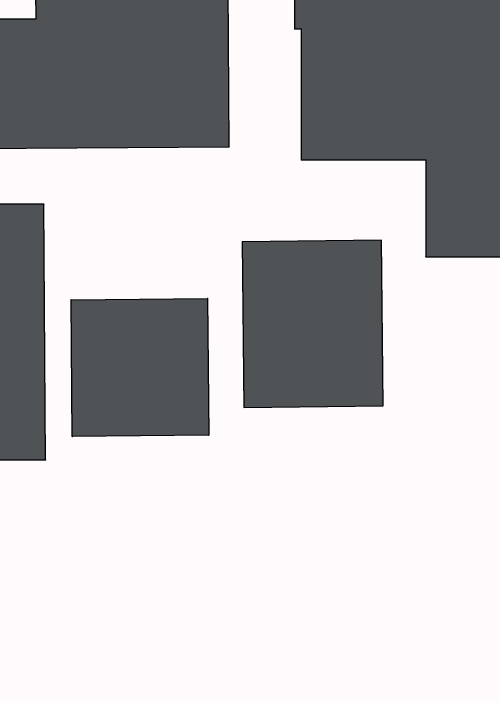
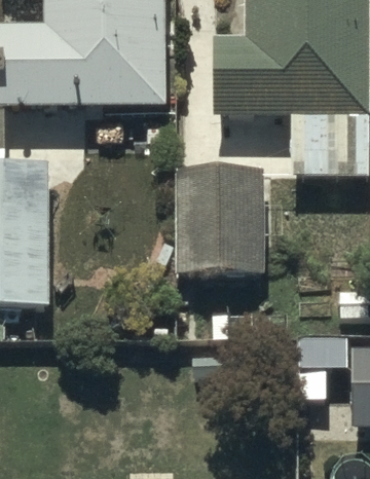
building: [71,298,209,437] -> none

